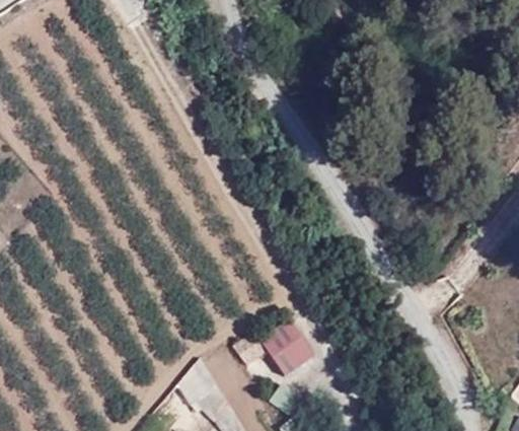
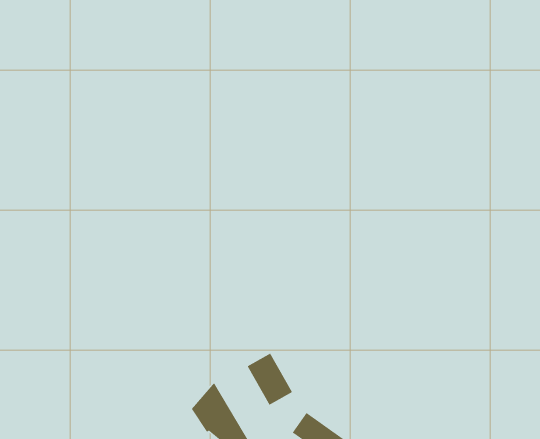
building: [261,319,315,376] -> none

